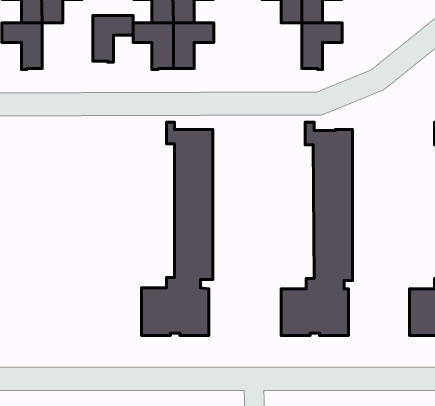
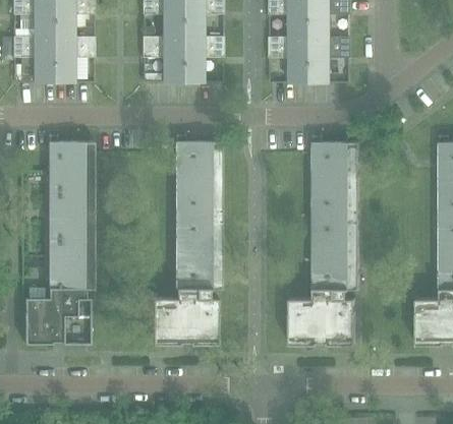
building: [93,15,133,62] -> [51,37,91,82]
building: none -> [267,37,306,81]
building: none -> [21,134,92,344]

